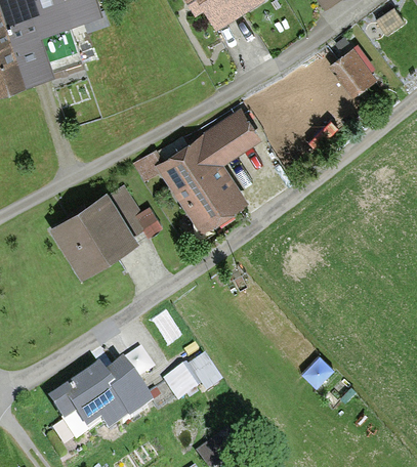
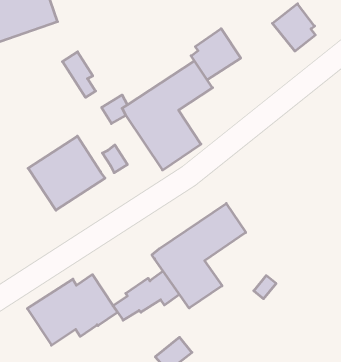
building: none -> [191,29,241,80]
building: [106,185,143,238] -> [62,52,96,97]
building: none -> [152,203,246,308]

